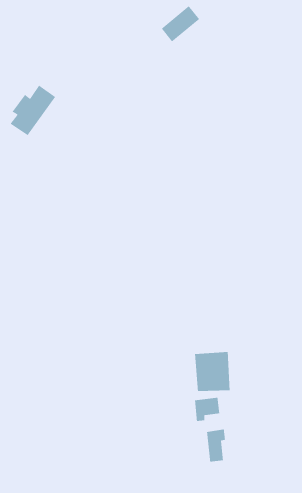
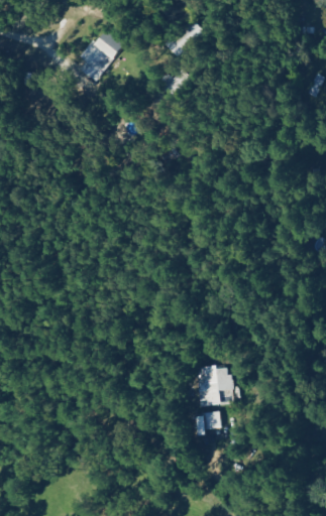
building: [10,85,56,136] -> [79,30,125,82]
building: [206,428,226,462] -> none

